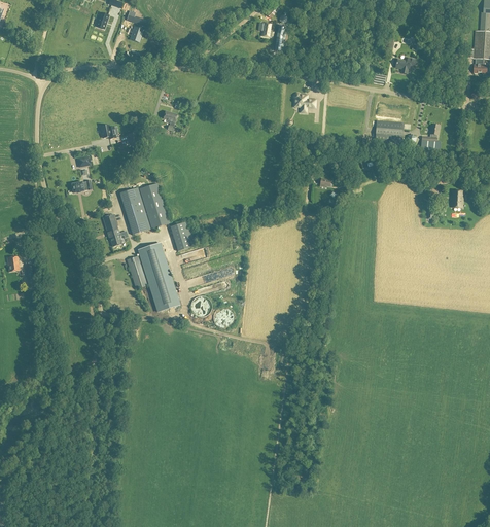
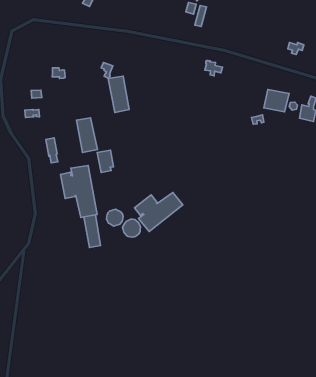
building: [119,186,150,234] -> [108,76,129,113]
building: none -> [135,192,183,232]
building: none -> [84,215,100,248]

